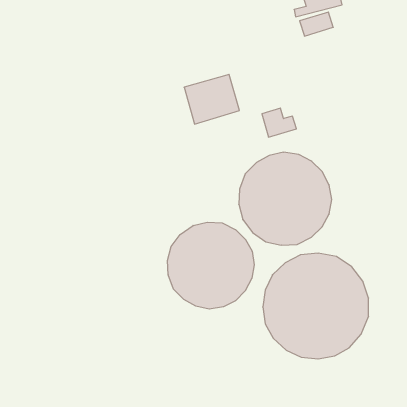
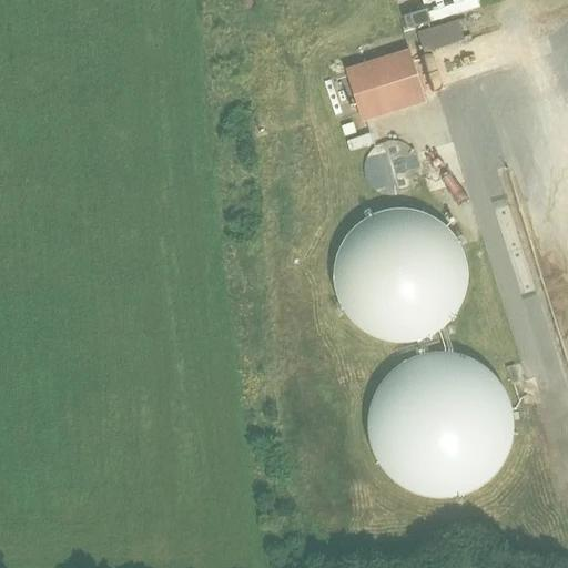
building: [184,74,239,124] -> [346,49,423,118]
building: [167,222,254,309] -> none

